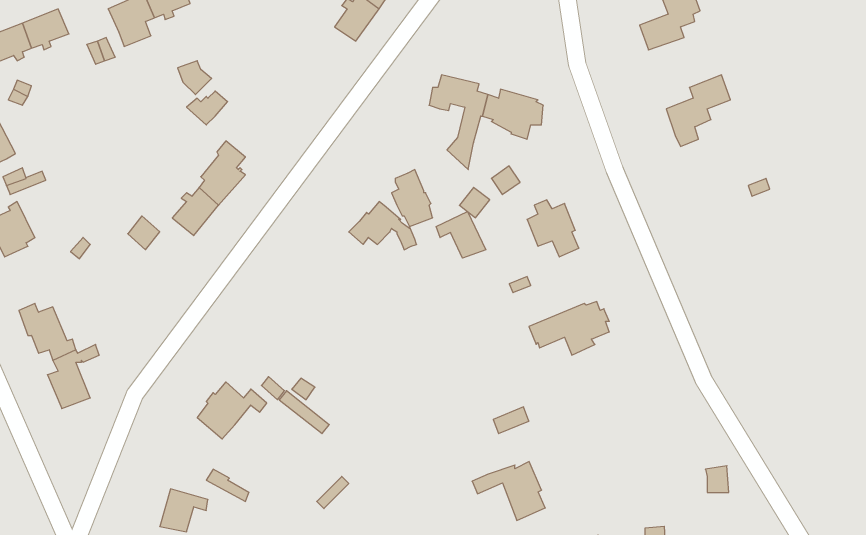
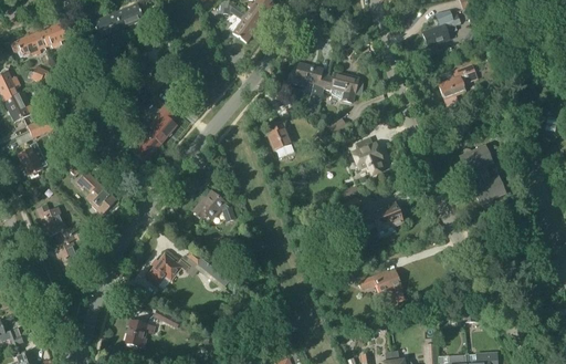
building: [349,202,417,250] -> [193,190,235,220]
building: none -> [459,144,506,206]
building: [436,212,486,258] -> none
building: none -> [76,170,117,214]
building: [472,462,545,520] -> [359,269,405,305]

